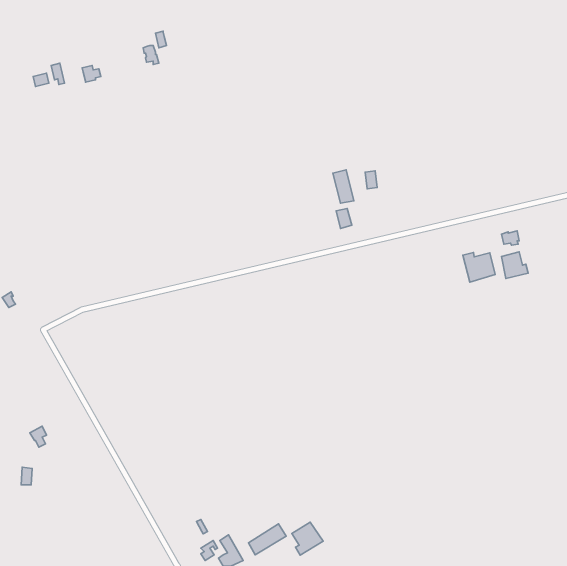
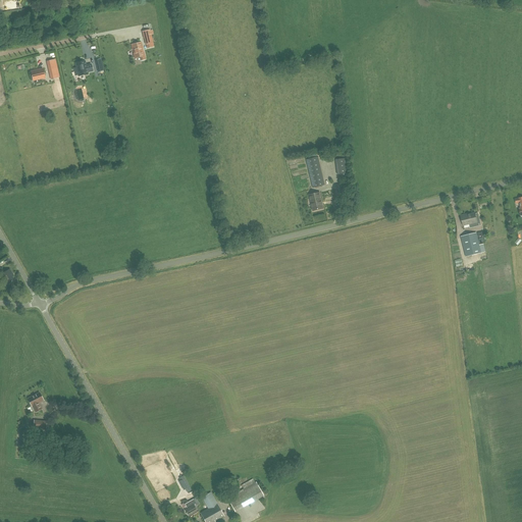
building: [463,252,495,282] -> none
building: [292,522,323,555] -> none

